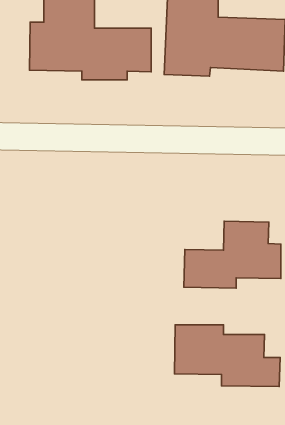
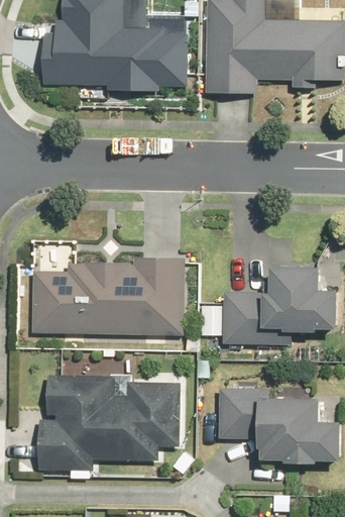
building: none -> [33,264,179,331]
building: none -> [37,373,176,473]

